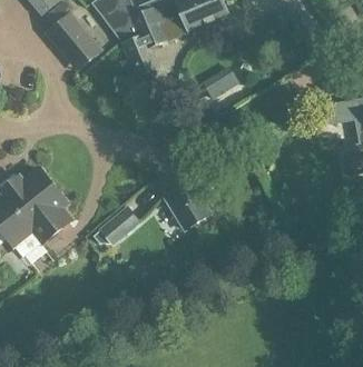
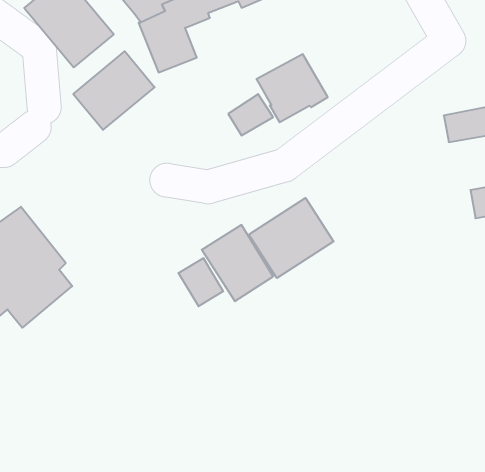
building: none -> [73,51,155,130]
building: none -> [249,198,334,278]
building: [94,204,143,246] -> none

